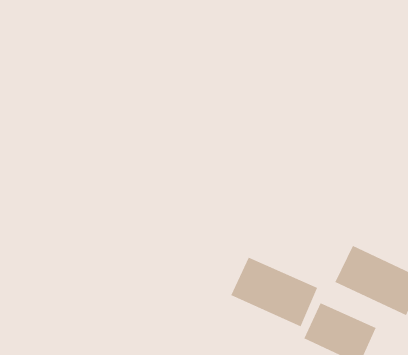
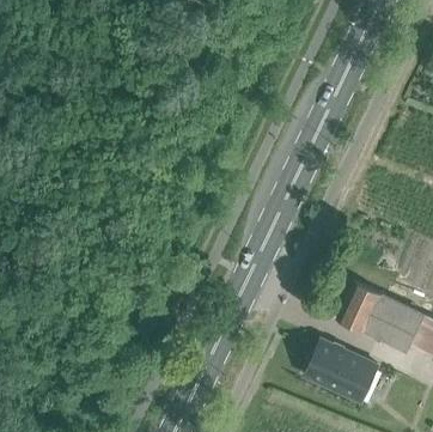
building: [231,257,318,327] -> none

